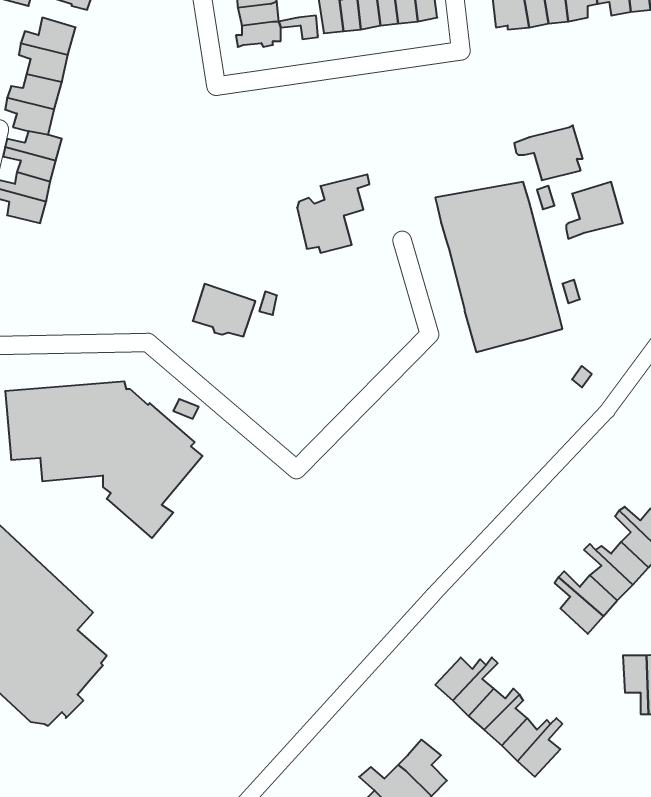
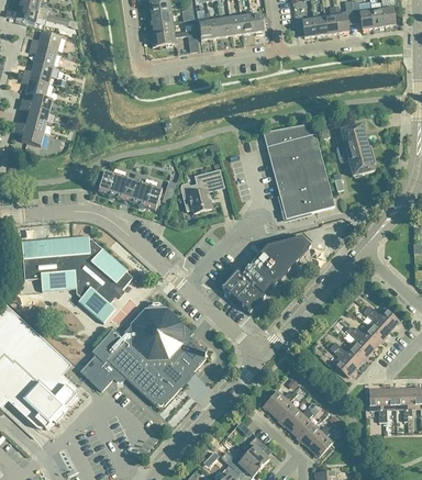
building: [514,125,583,180] -> [337,144,376,175]
building: [297,174,369,253] -> [180,168,221,212]
building: none -> [98,170,133,200]
building: none -> [221,235,311,312]
building: none -> [79,302,207,405]

